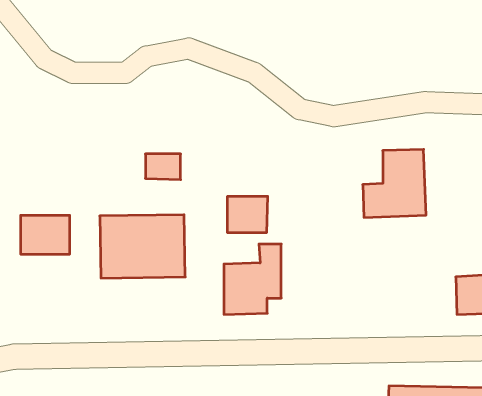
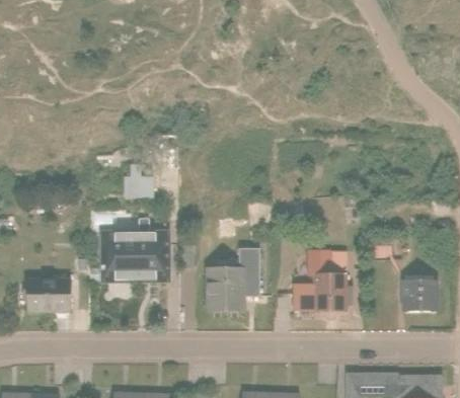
building: [363,149,426,217] -> [292,256,347,315]
building: [228,196,268,233] -> none
building: [21,215,70,254] -> [31,275,74,309]

